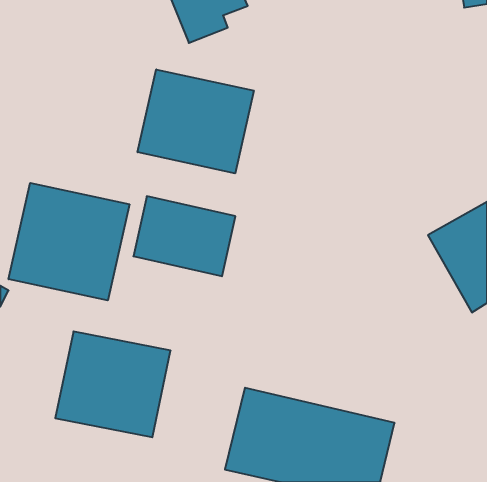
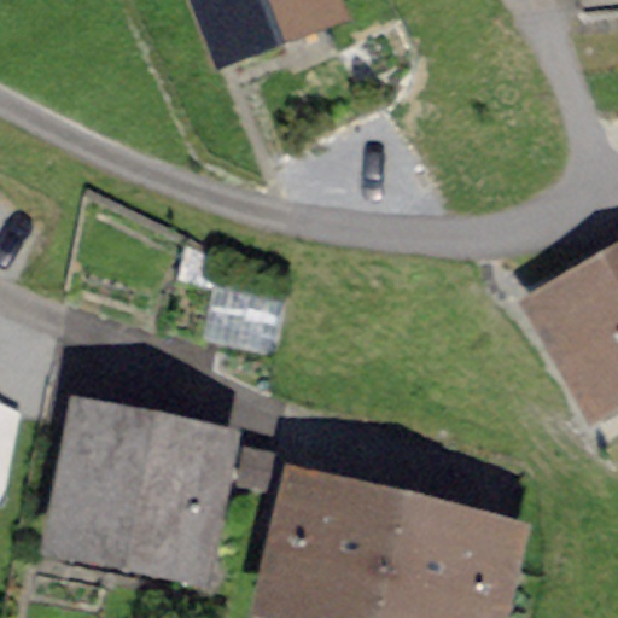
building: [138,69,254,173] -> none
building: [9,183,129,300] -> none

